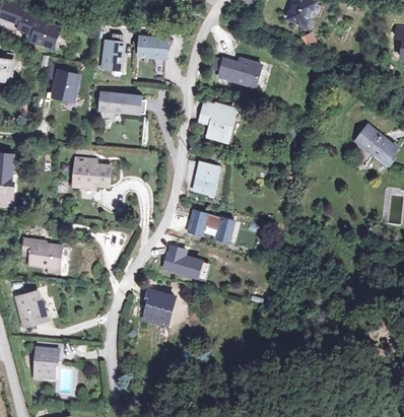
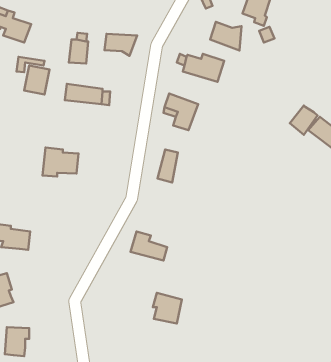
building: none -> [210,22,241,51]
building: none -> [290,105,318,135]
building: [188,210,235,242] -> none
building: [145,296,176,329] -> [153,293,182,324]

